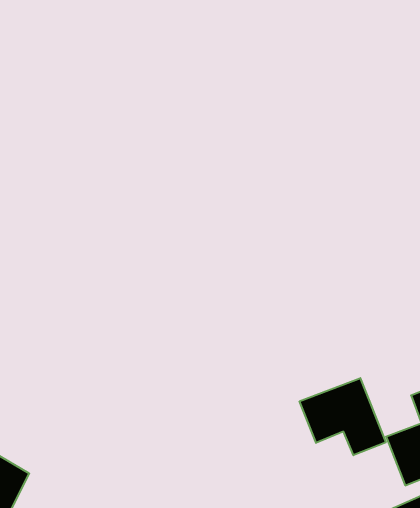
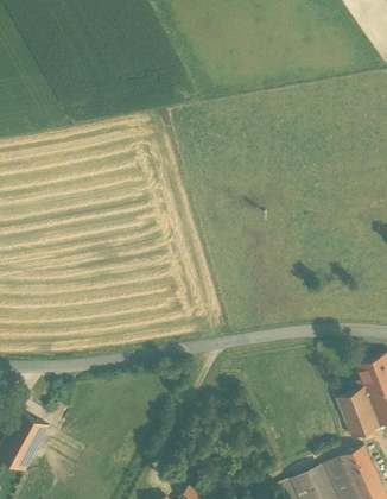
building: [300,378,386,455] -> none

